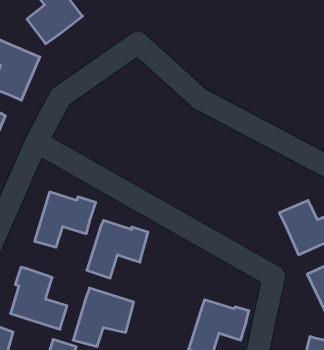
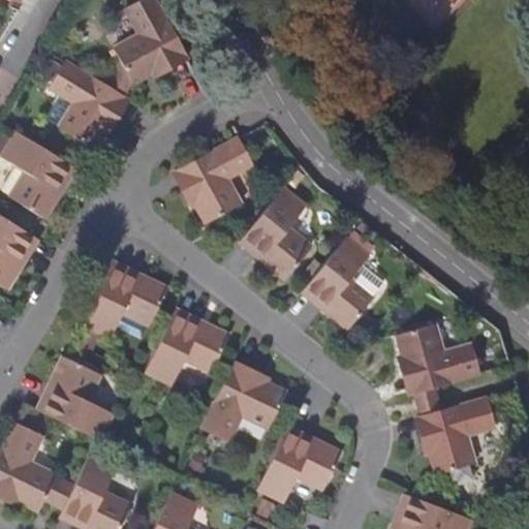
building: none -> [179,138,253,223]
building: none -> [243,185,313,278]
building: none -> [306,236,376,329]
building: [73,288,134,346] -> [203,366,285,440]

